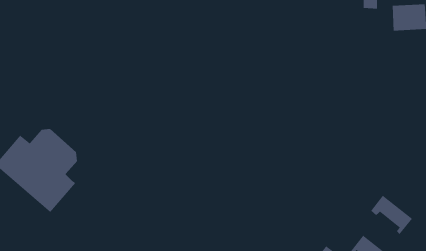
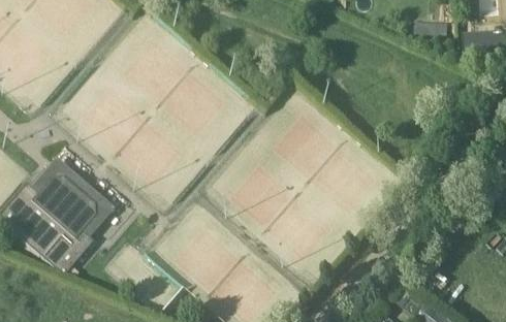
building: [371,195,413,235] -> none

